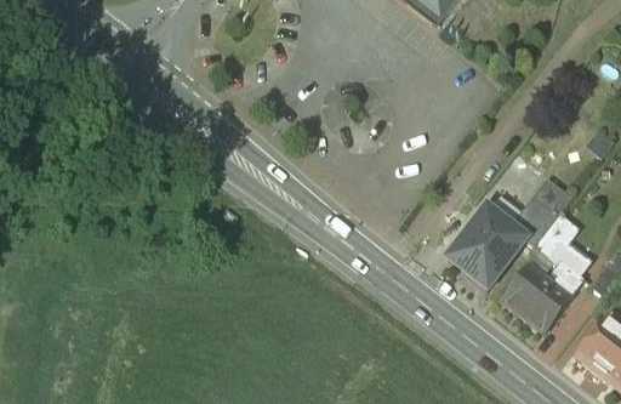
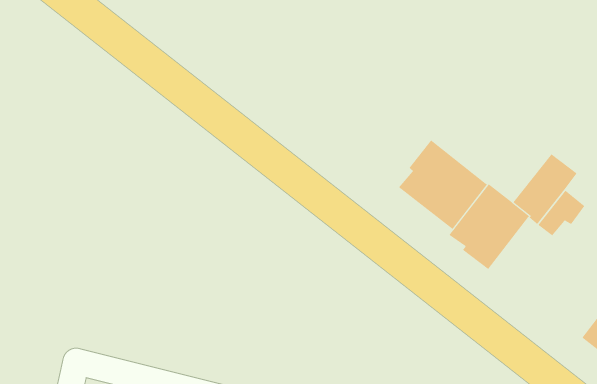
building: none -> [398,140,488,230]
building: [502,257,585,329] -> none

